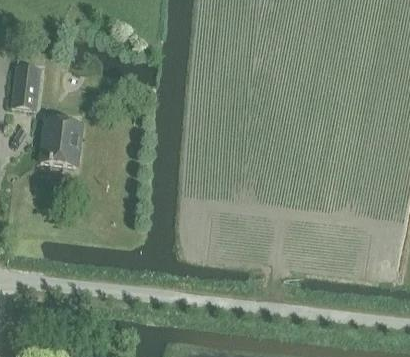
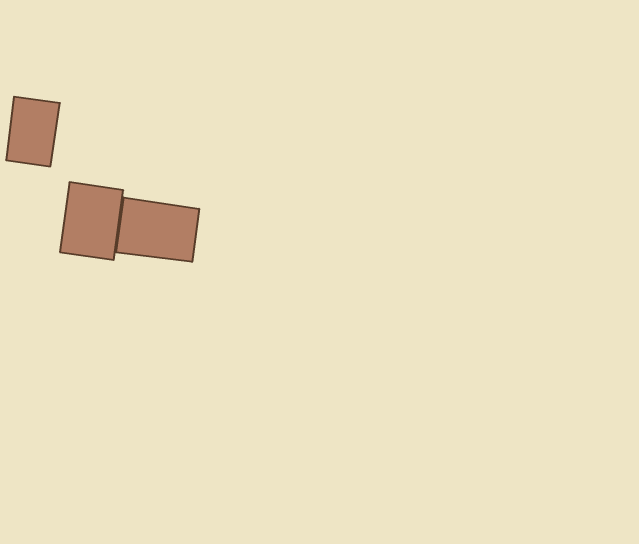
building: none -> [116,197,199,262]

